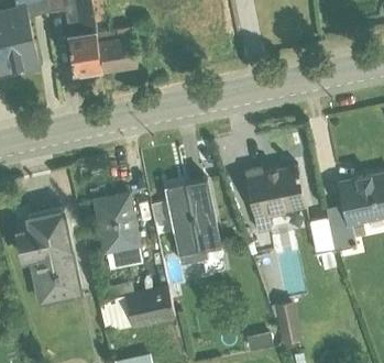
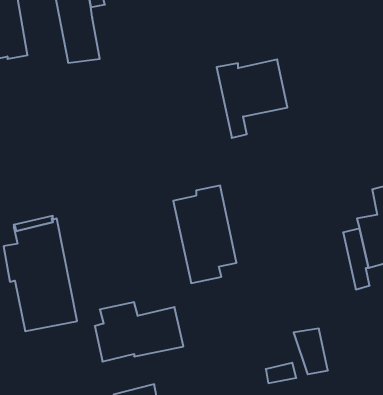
building: [95,26,135,72] -> none
building: [243,165,305,233] -> [217,59,287,138]
building: [94,193,142,270] -> none

